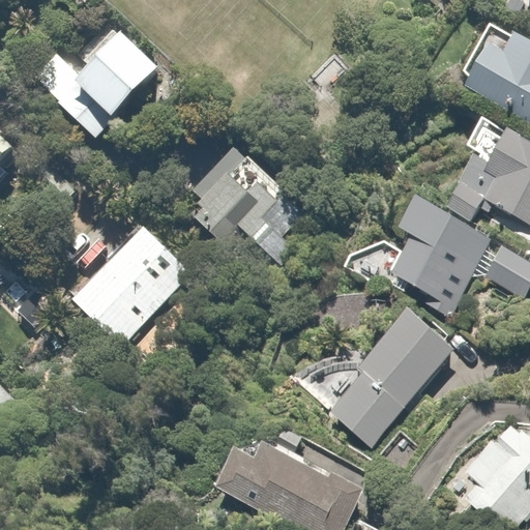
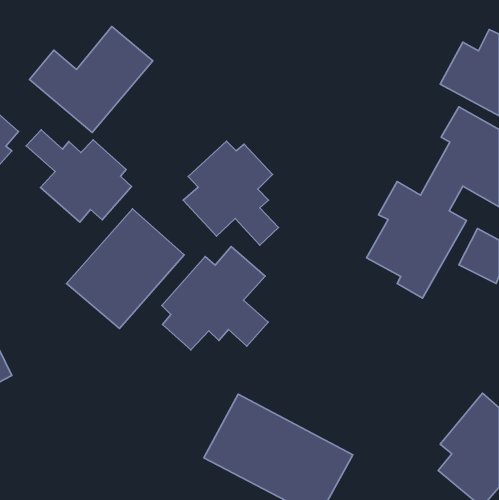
building: none -> [26,130,131,222]
building: none -> [162,246,268,350]
building: [325,313,450,448] -> none

